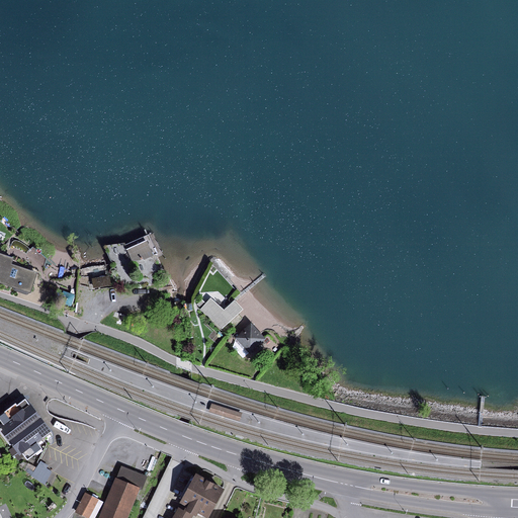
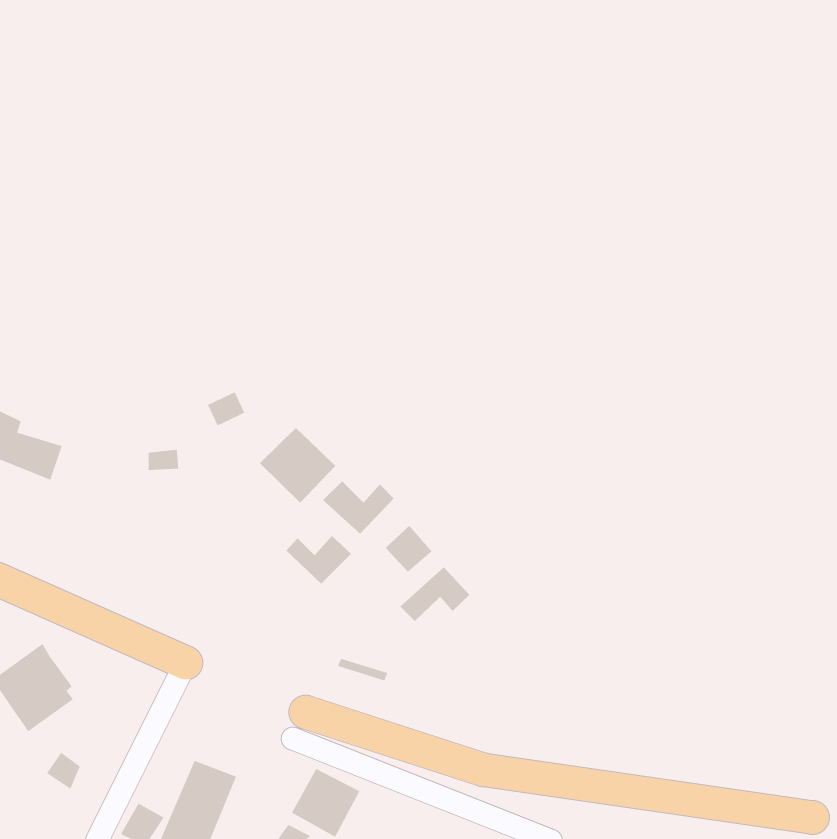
building: none -> [259,427,336,504]
building: none -> [285,535,352,585]
building: none -> [399,567,470,622]

